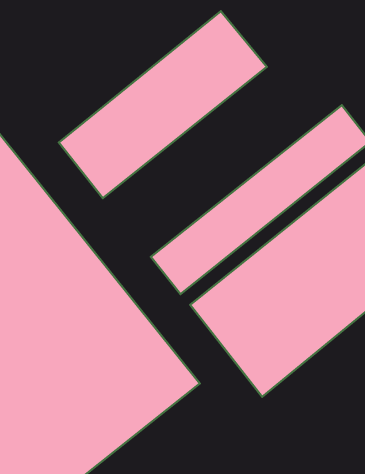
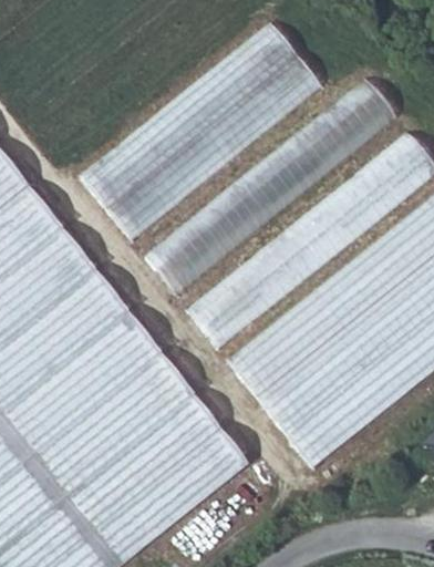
building: none -> [143,79,394,293]

